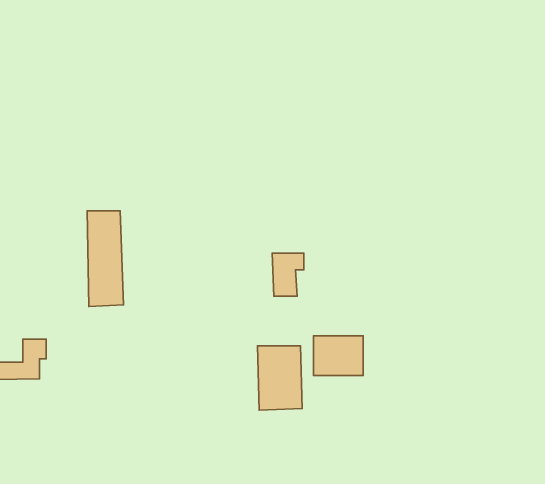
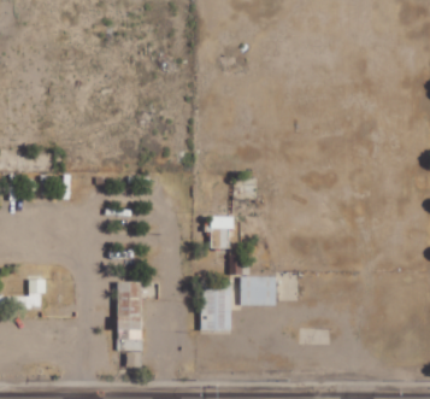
building: [87,211,123,307] -> [116,282,142,352]

